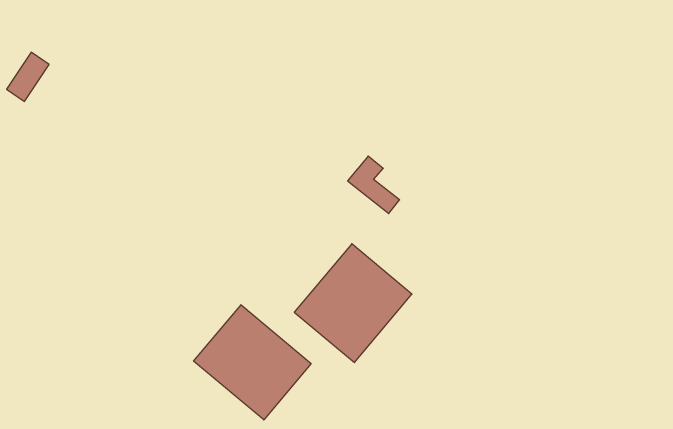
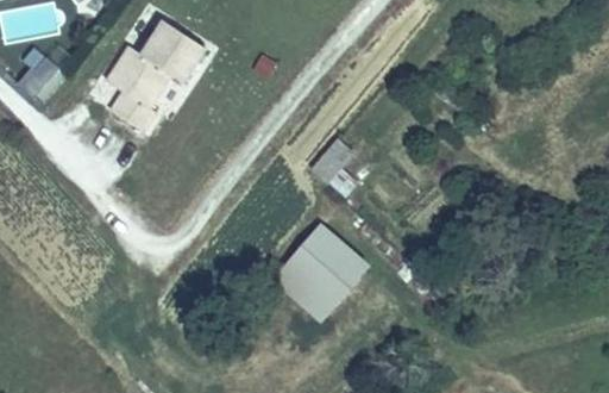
building: none -> [114,24,202,130]
building: [194,305,311,420] -> none

